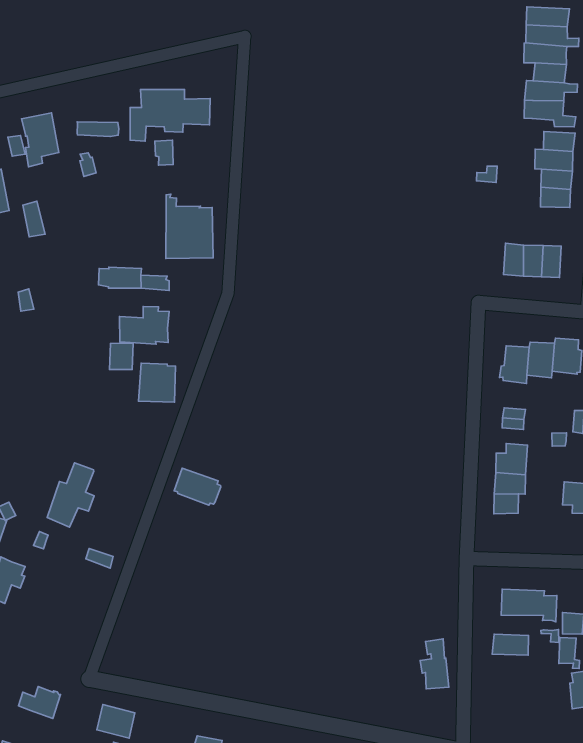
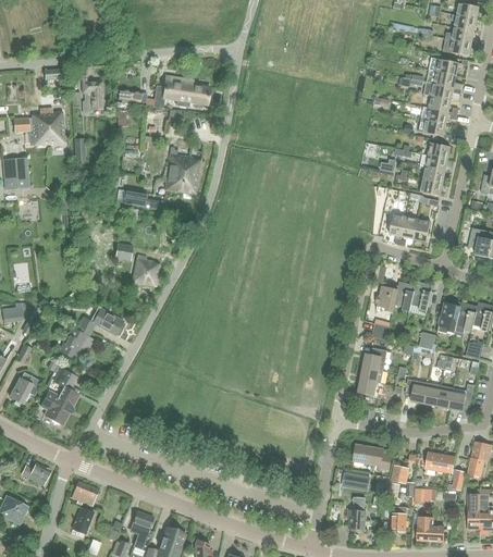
building: [119,307,169,344] -> none
building: [174,468,221,505] -> [93,308,124,335]
building: none -> [40,369,78,425]
building: [420,639,449,689] -> [348,497,366,530]

